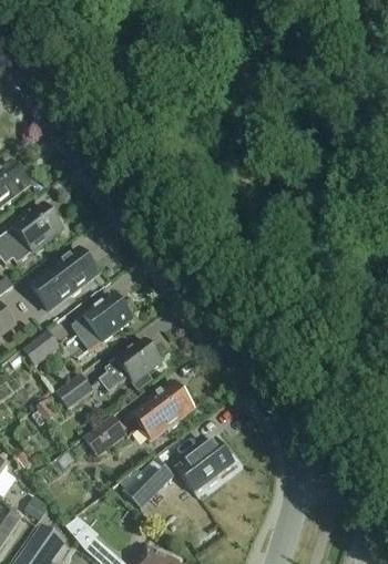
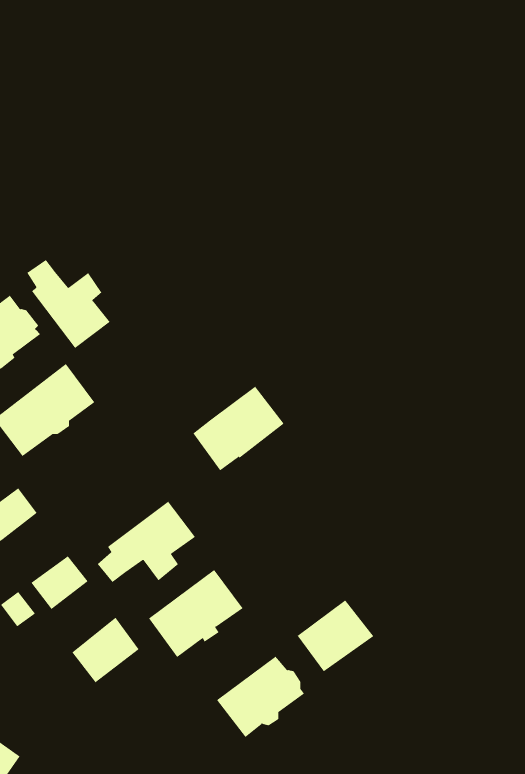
building: none -> [26,259,110,349]
building: [72,294,132,349] -> [193,386,285,471]
building: none -> [297,599,374,672]
building: [120,454,174,507] -> none

